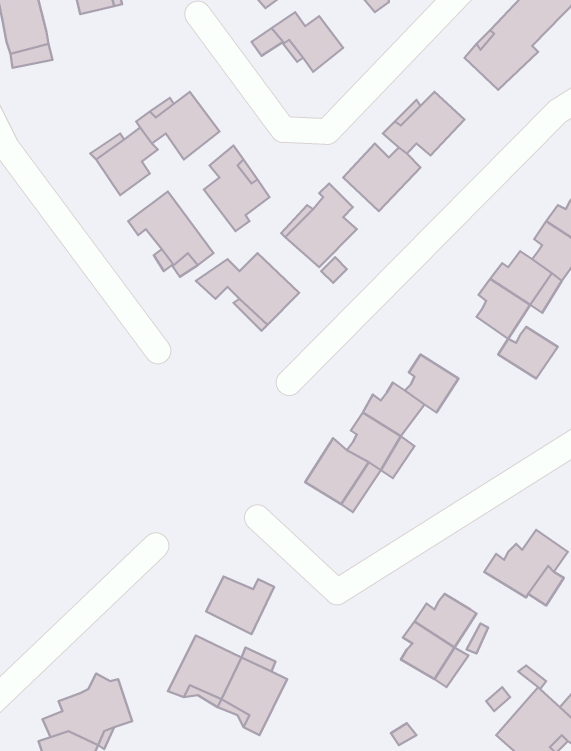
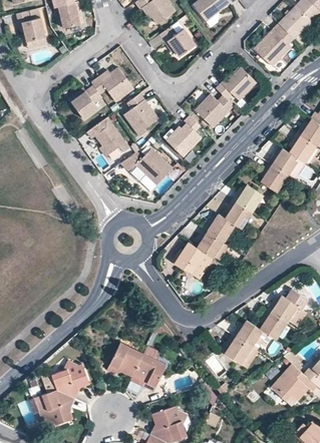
building: [498,327,558,379] -> [234,185,264,211]
building: none -> [259,309,287,339]
building: [206,577,274,634] -> none

